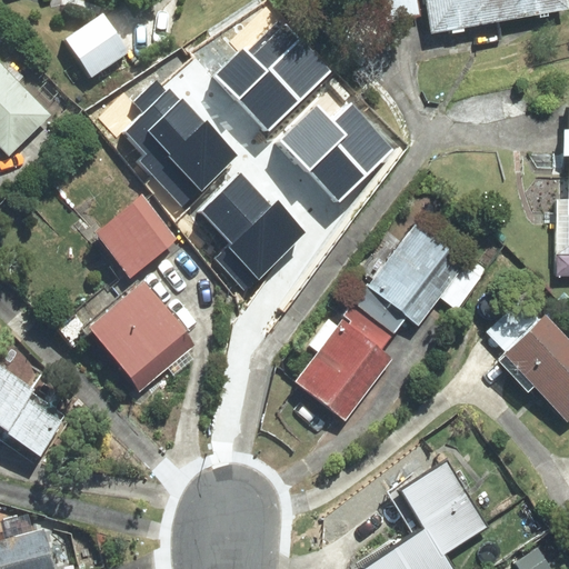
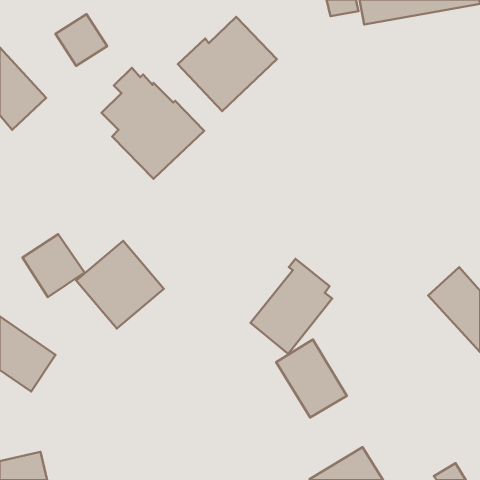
building: [274,100,393,202] -> none
building: [196,171,307,292] -> none
building: [108,202,181,277] -> [23,234,85,297]
building: [355,223,466,330] -> none
building: [408,460,491,552] -> [276,340,347,418]

